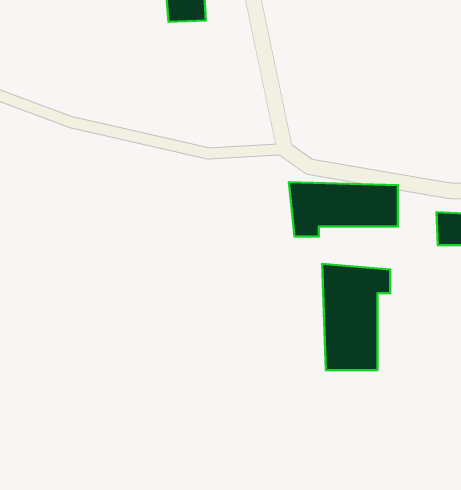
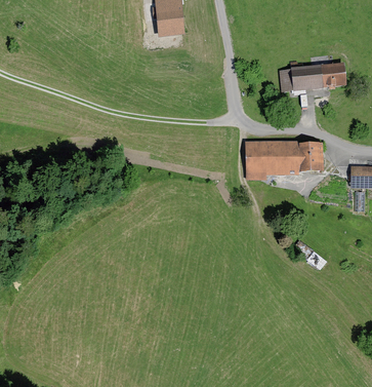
building: none -> [279,62,345,90]
building: [322,264,390,370] -> none

